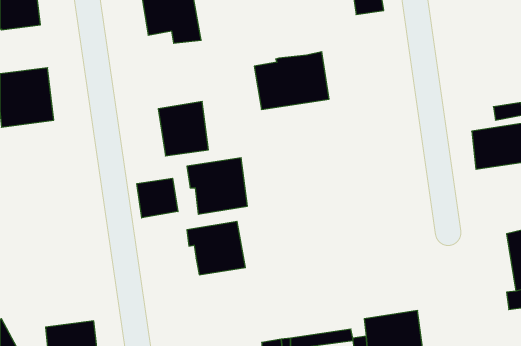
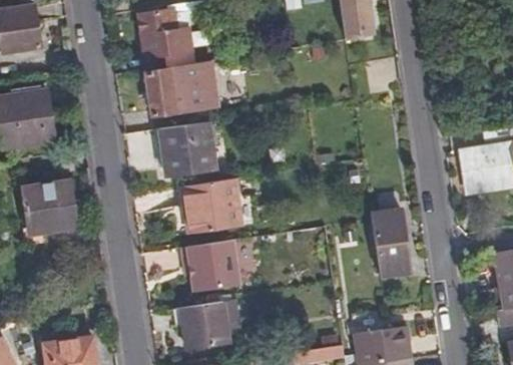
building: [254,52,329,109] -> [146,60,219,116]
building: none -> [23,180,77,234]
building: [137,178,178,218] -> none
building: none -> [375,208,412,274]
building: none -> [183,300,241,349]

